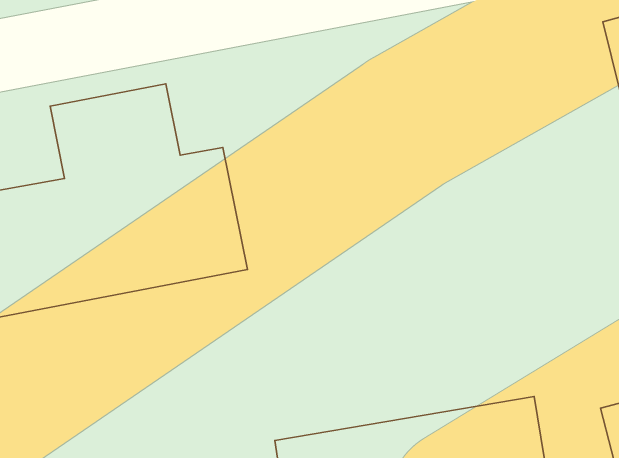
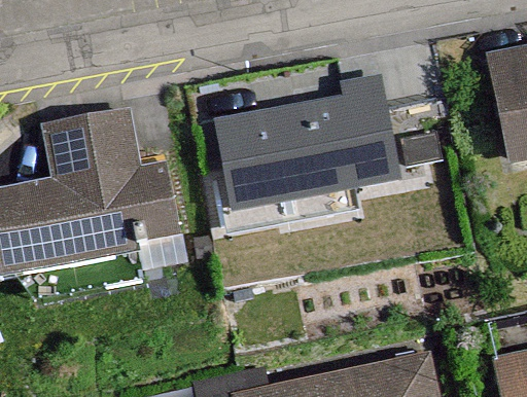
building: none -> [223,91,396,208]

